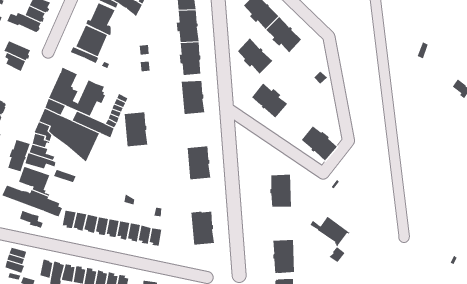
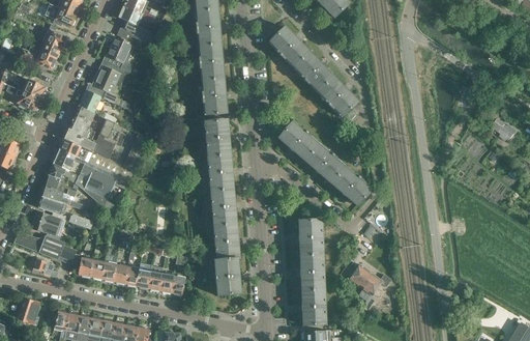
building: [237,37,273,74] -> [319,76,357,115]
building: none -> [78,89,116,122]
building: none -> [304,144,344,182]
building: [124,112,148,147] -> [207,153,233,191]
building: [7,139,31,172] -> none
building: none -> [213,223,238,259]
building: none -> [300,254,324,289]

